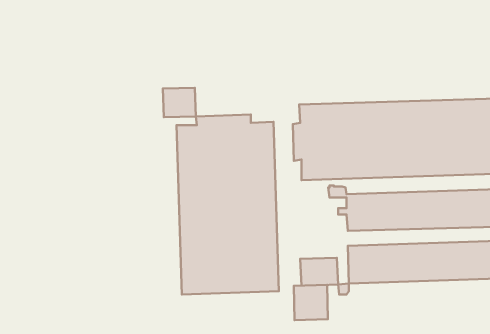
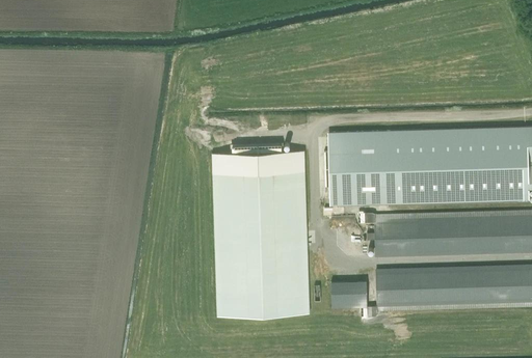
building: [163,88,196,117] -> none
building: [294,285,328,320] -> none

